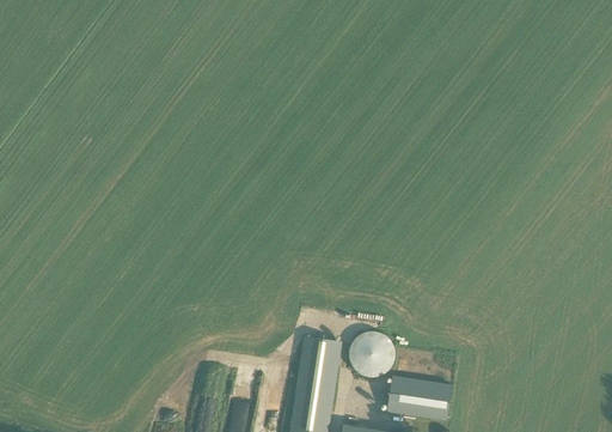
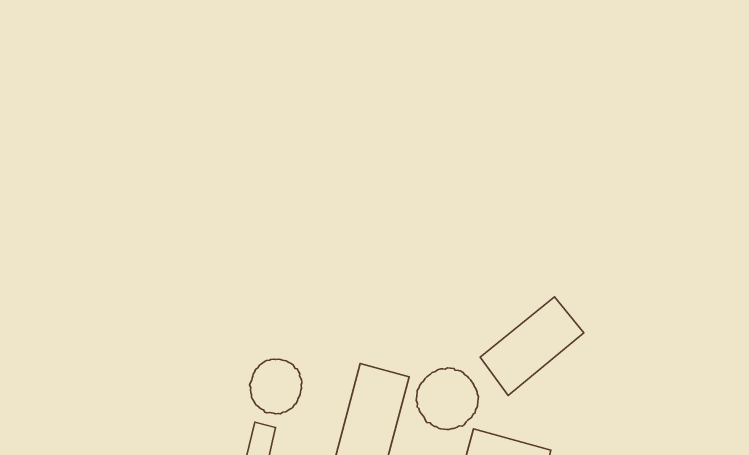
building: none -> [480,297,584,396]
building: none -> [250,359,302,414]

